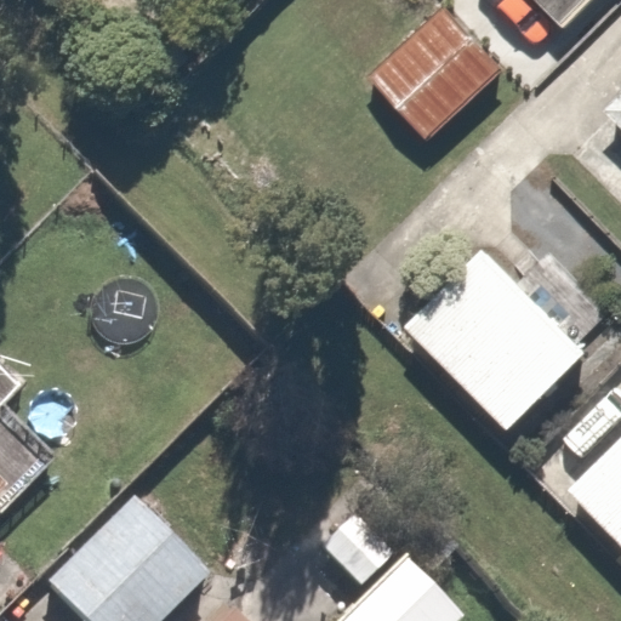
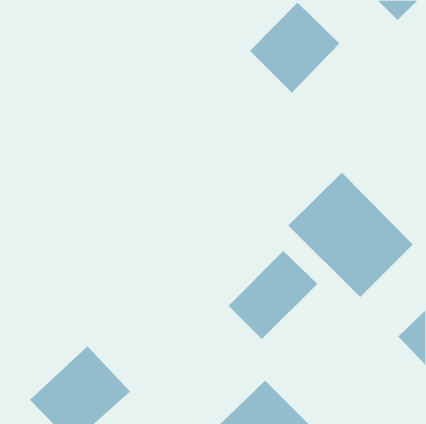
building: none -> [228,250,318,340]

